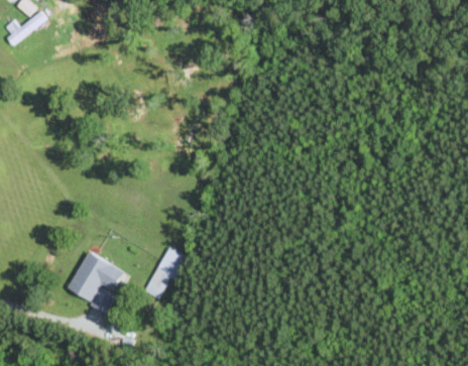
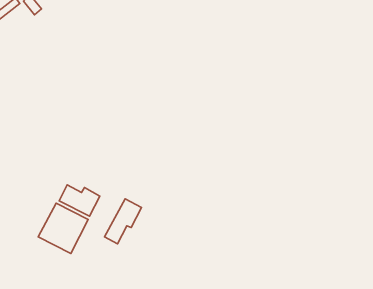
building: none -> [59,185,100,216]

